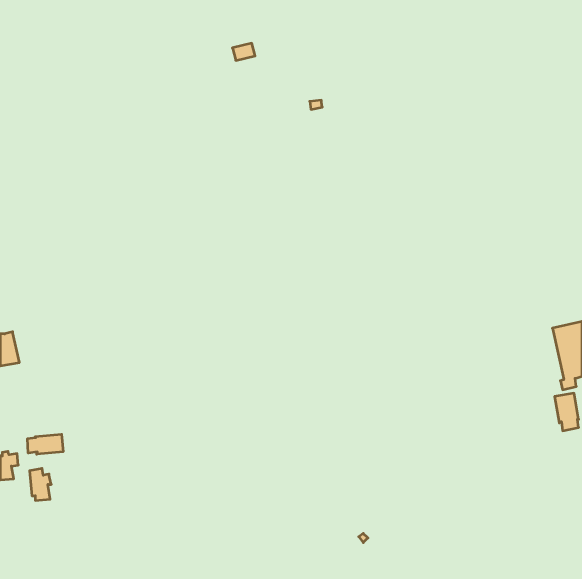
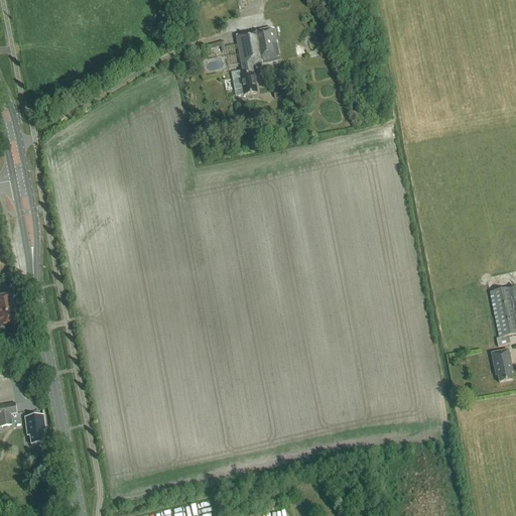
building: none -> [231,27,280,95]
building: [28,434,63,454] -> none

